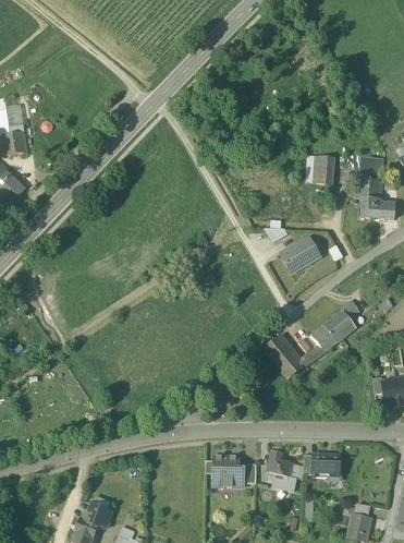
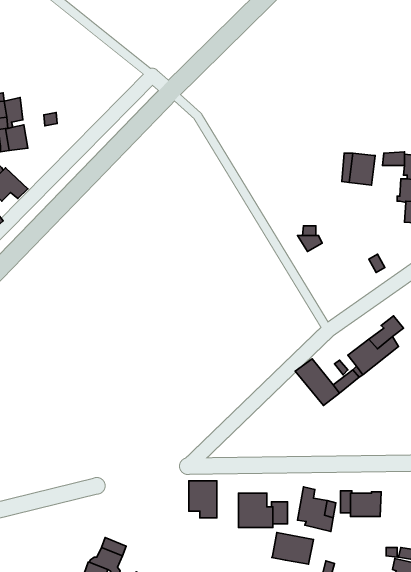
building: [281,238,319,273] -> none
building: none -> [189,481,217,518]
building: none -> [272,533,313,564]

